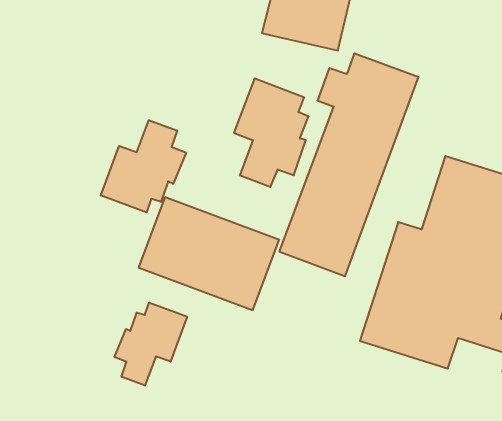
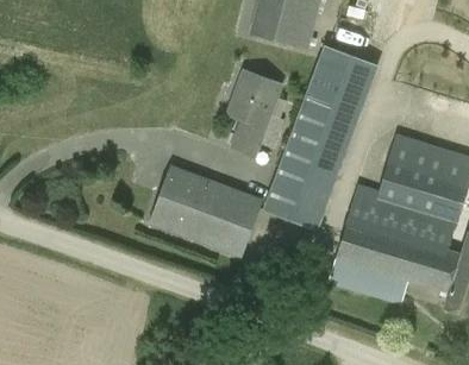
building: [101,120,186,212] -> none
building: [115,303,187,386] -> none

